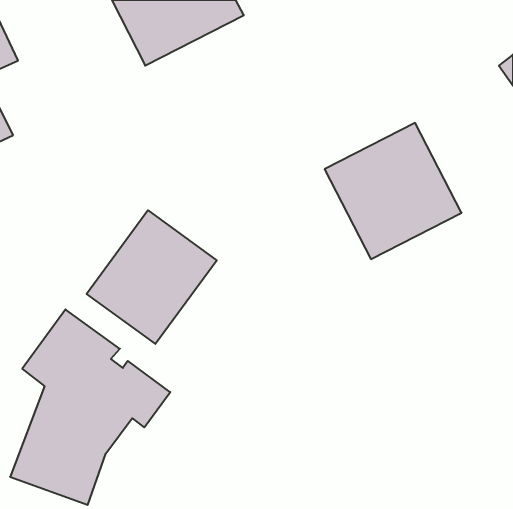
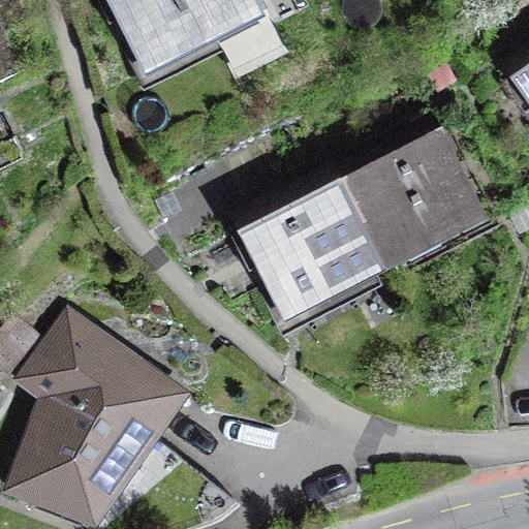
building: none -> [242,180,380,319]
building: [87,210,217,344] -> none

